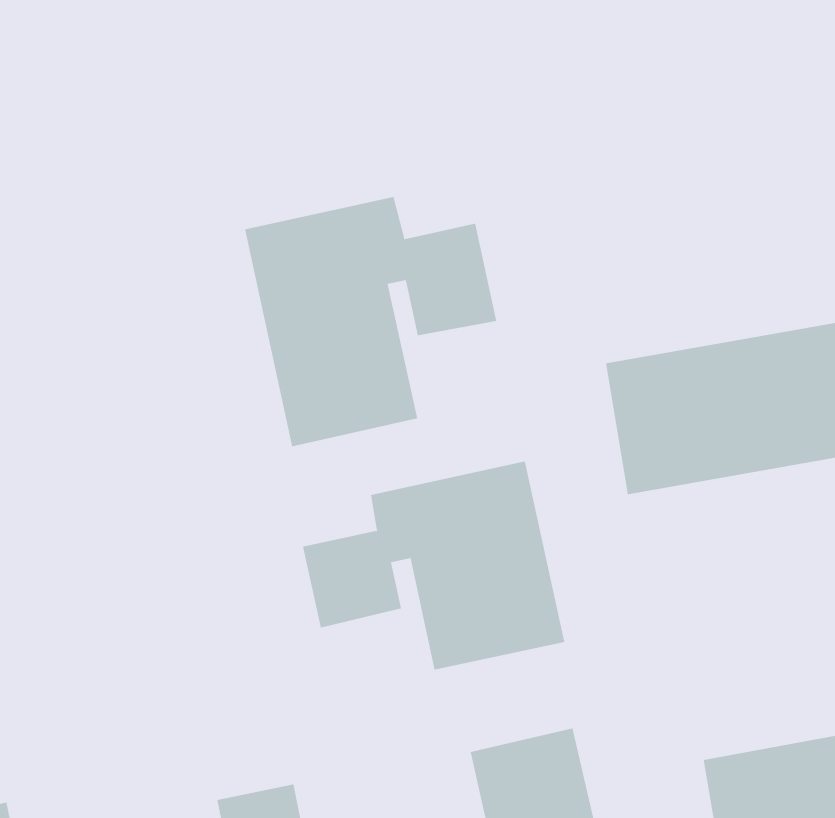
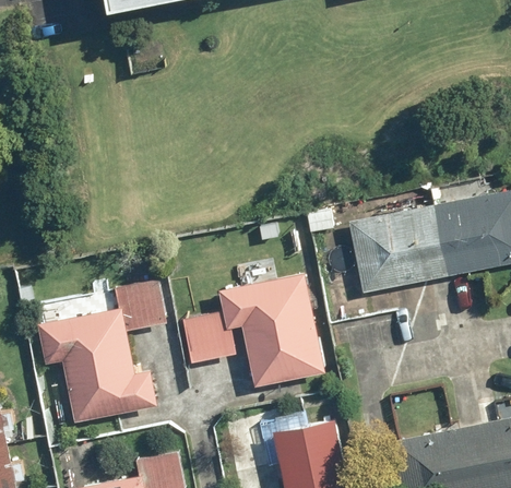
building: [245,196,497,447] -> none
building: none -> [37,281,164,424]

